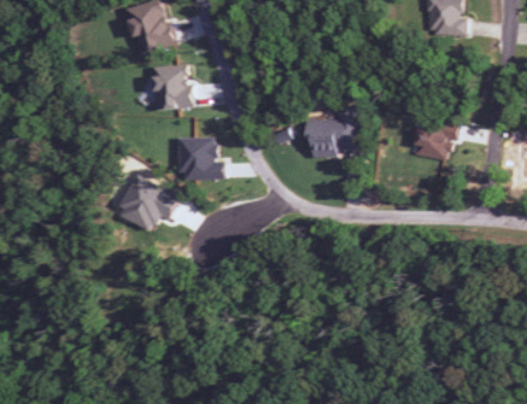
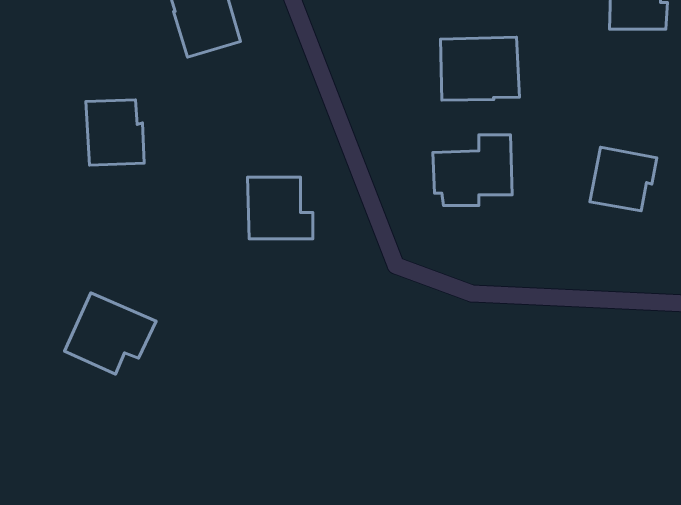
building: none -> [441,37,519,100]
building: [152,65,192,110] -> [86,100,144,165]
building: [117,176,180,232] -> [64,293,156,374]

